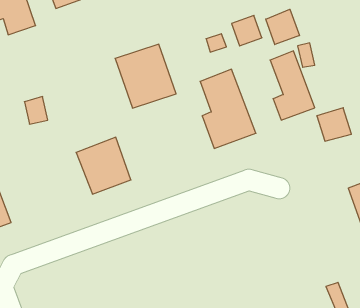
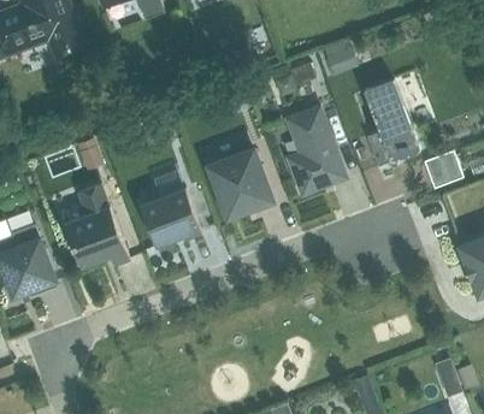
building: [266,9,299,45] -> none
building: [115,44,176,108] -> [202,143,275,219]
building: none -> [54,184,126,271]

